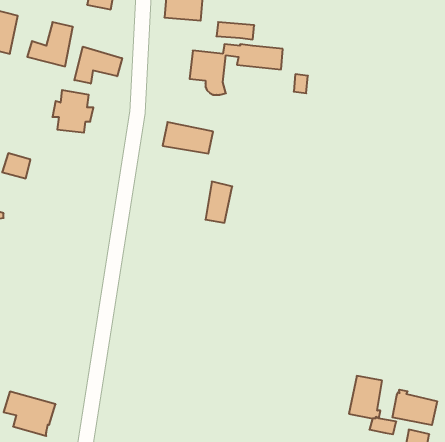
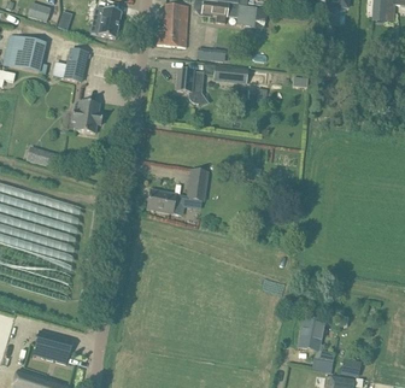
building: [74,47,122,84] -> none
building: [163,122,213,154] -> [147,189,186,213]
building: [392,390,437,425] -> none

